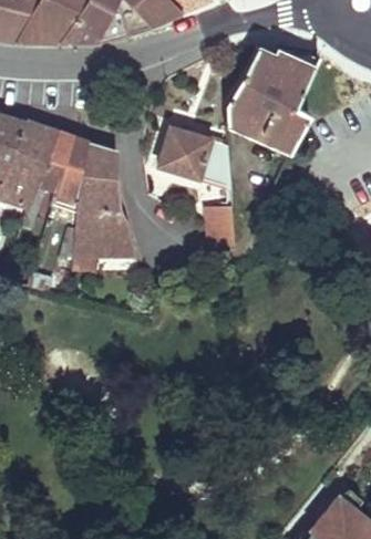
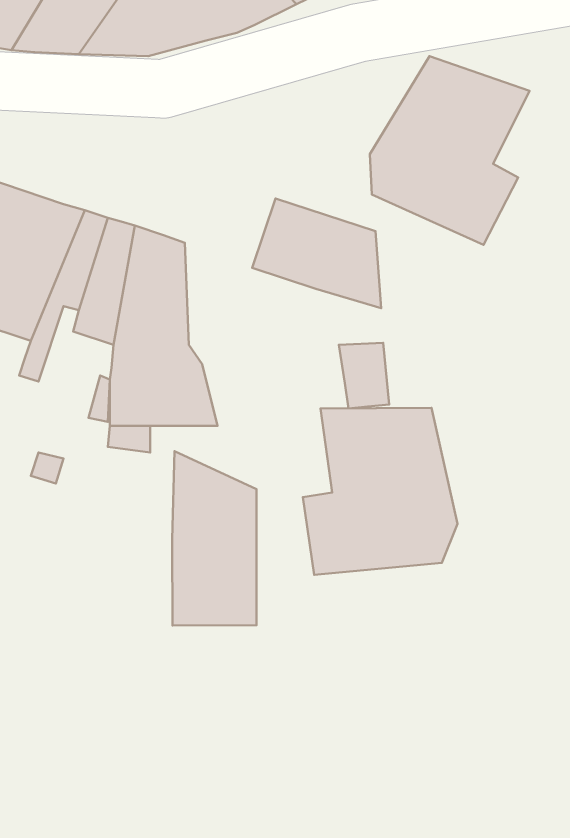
building: none -> [303,408,457,575]
building: none -> [172,451,257,626]

